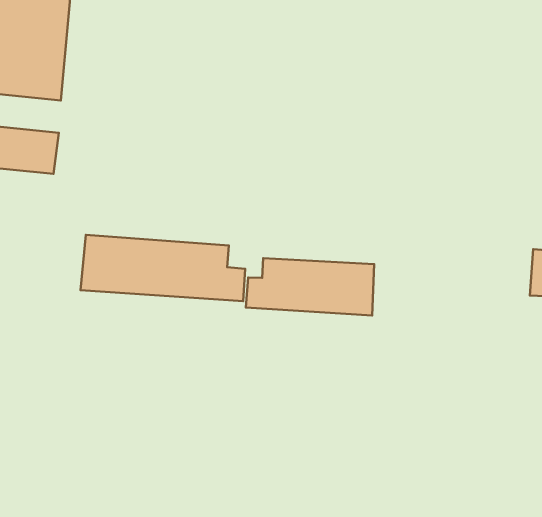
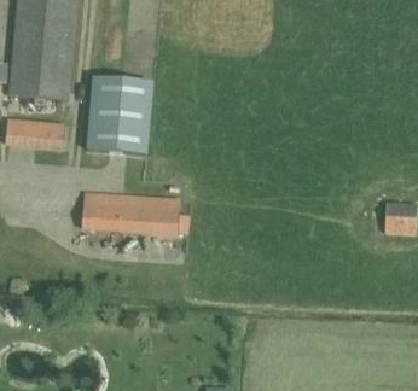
building: none -> [86,75,155,156]
building: [246,258,374,316] -> none

